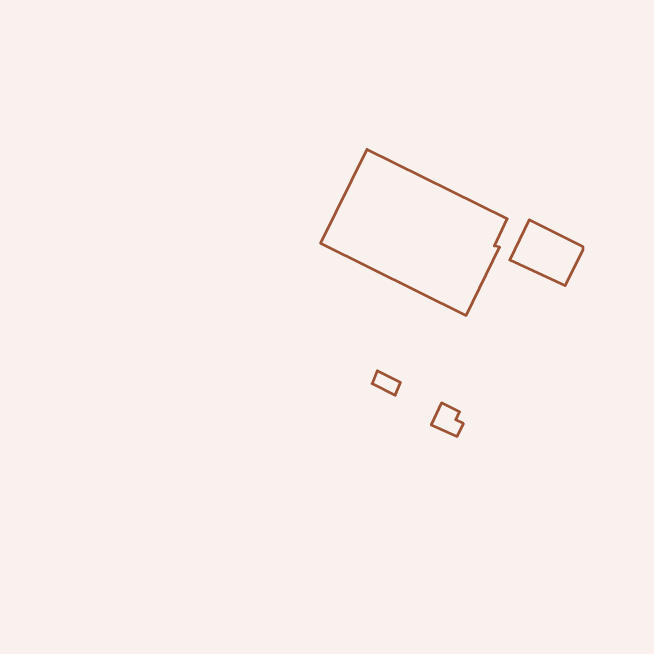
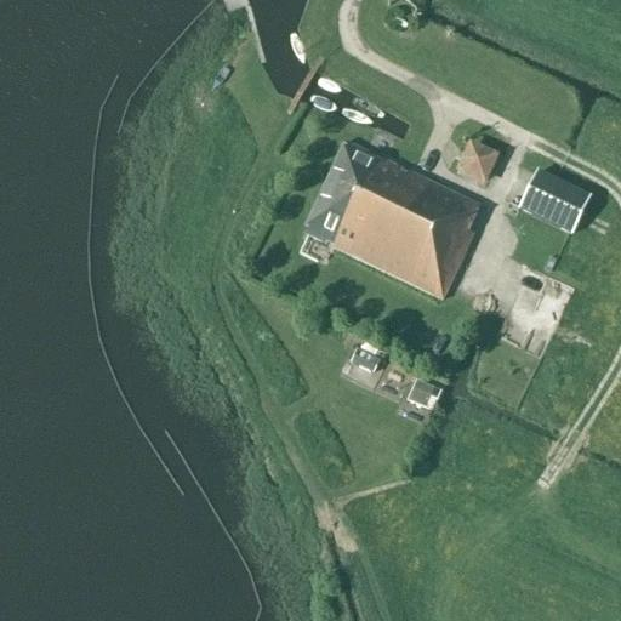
building: none -> [457,139,502,186]
building: [510,220,583,286] -> [519,170,588,232]

